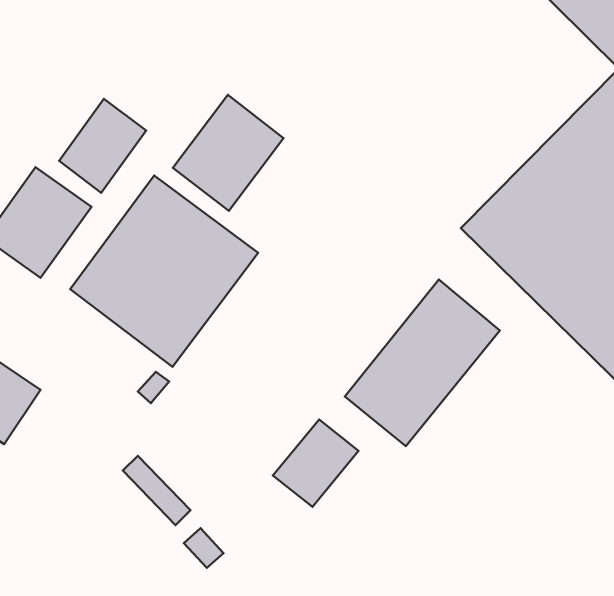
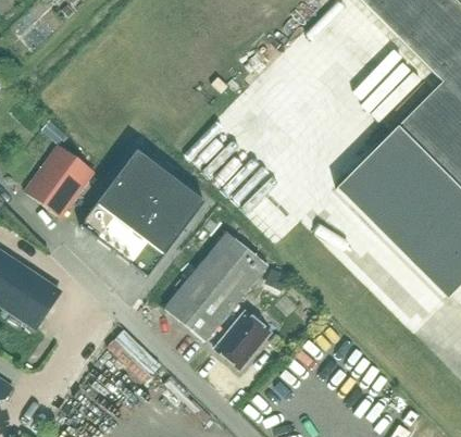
building: [173,95,284,211] -> none
building: [59,99,146,193] -> none
building: [345,280,500,446] -> [165,230,267,340]

